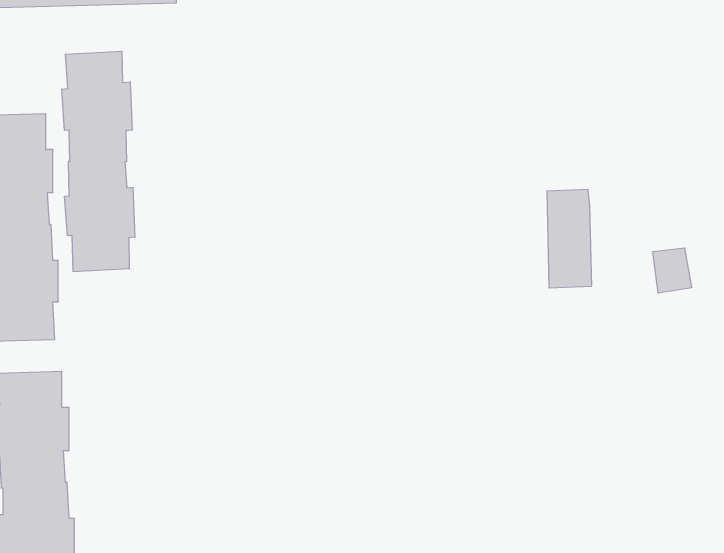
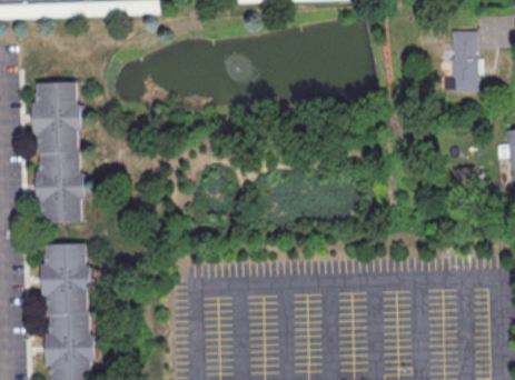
building: [62,51,135,272] -> none
building: [547,189,592,288] -> [450,31,478,92]

